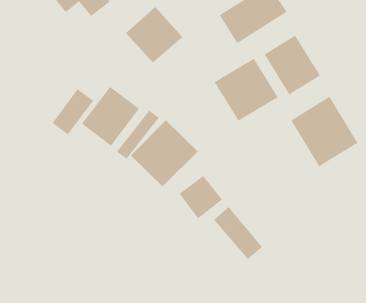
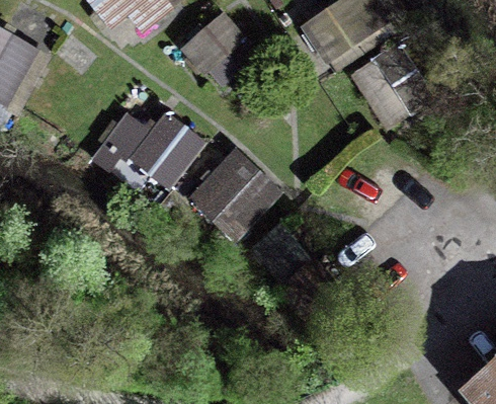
building: [214,58,278,122] -> none
building: [291,96,358,167] -> none

